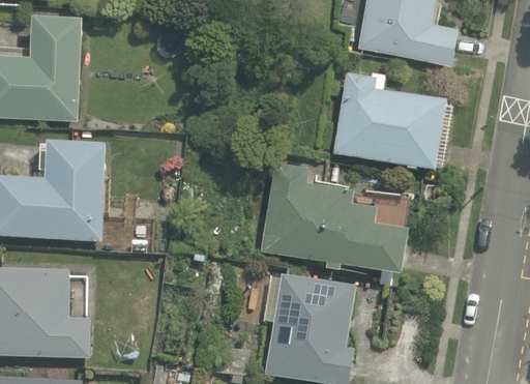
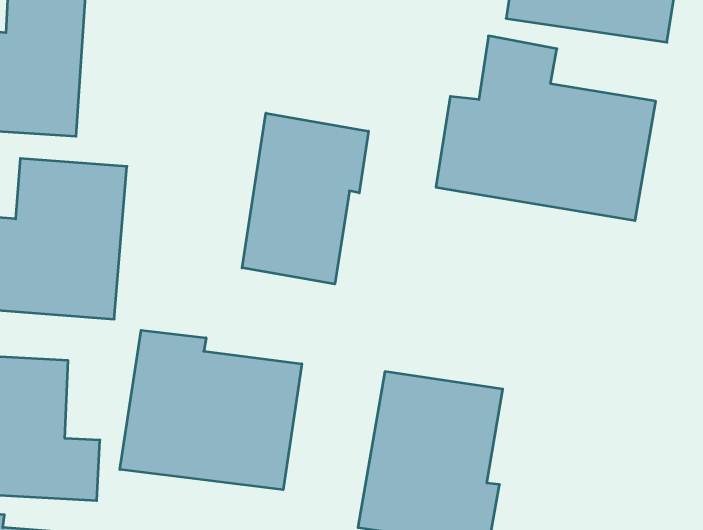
building: none -> [242,113,368,284]
building: [262,160,413,276] -> none
building: none -> [120,330,302,490]

